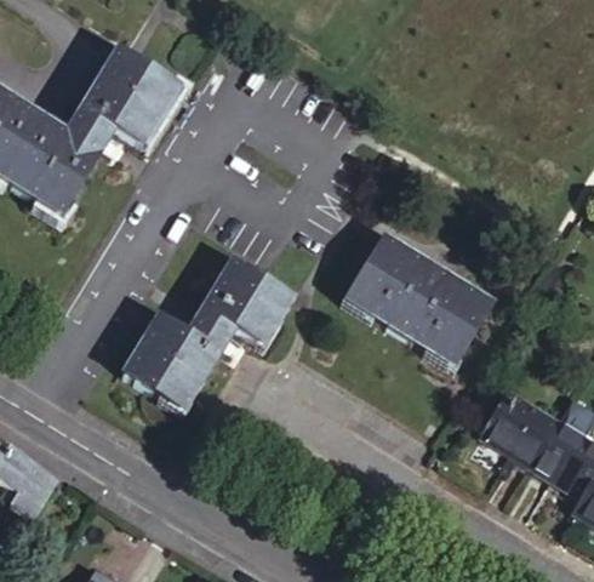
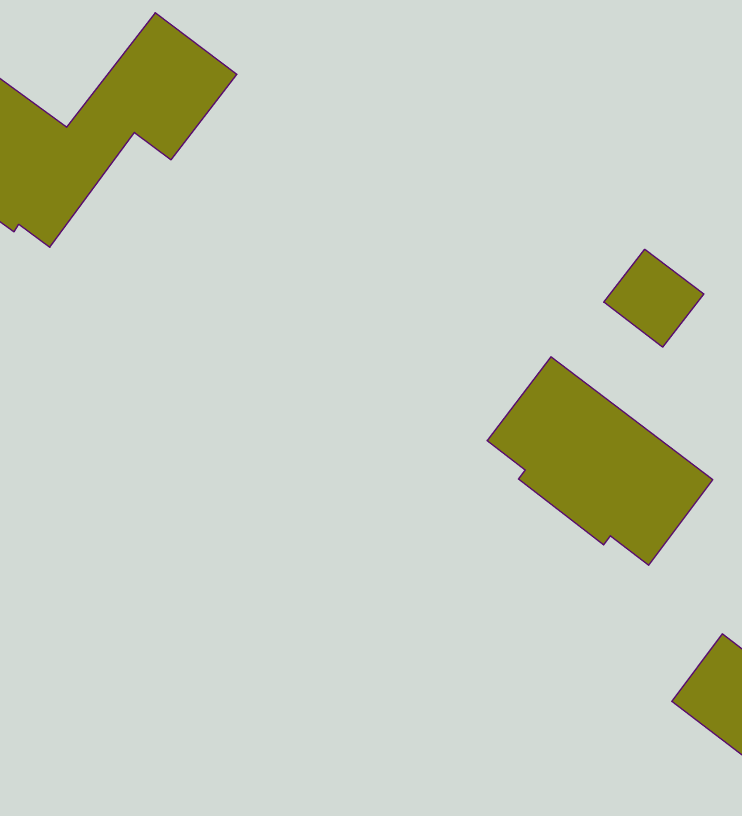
building: none -> [604,249,704,347]
building: [124,259,295,403] -> none

